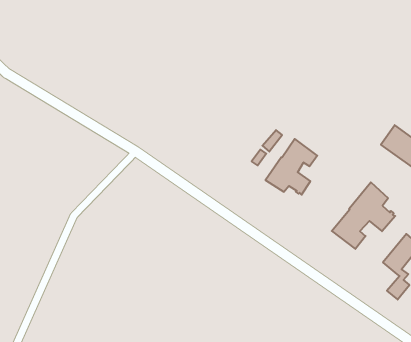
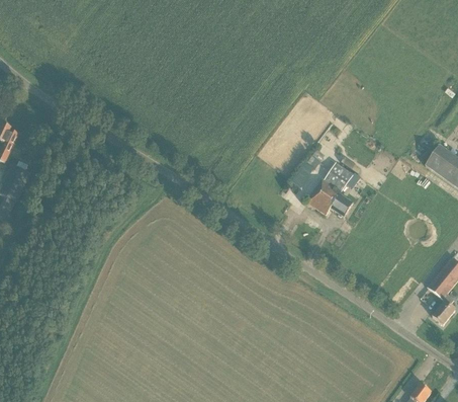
building: [332,182,395,249] -> none

